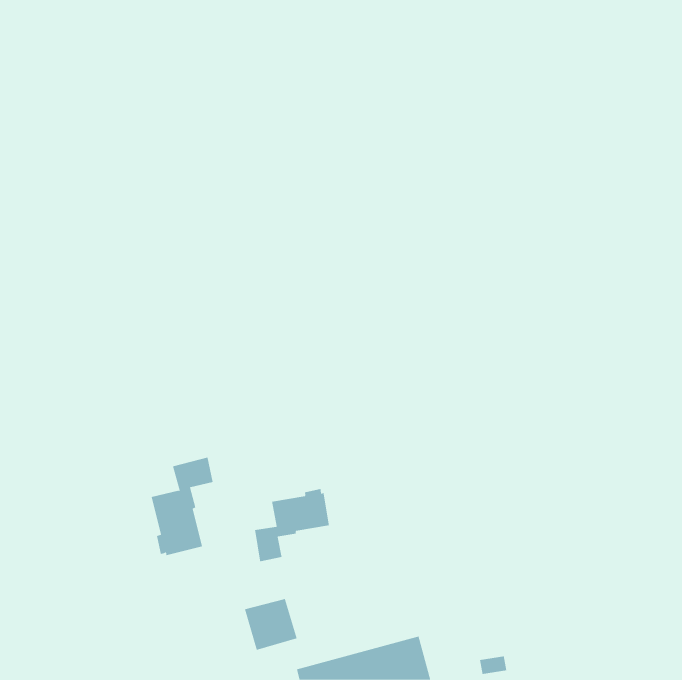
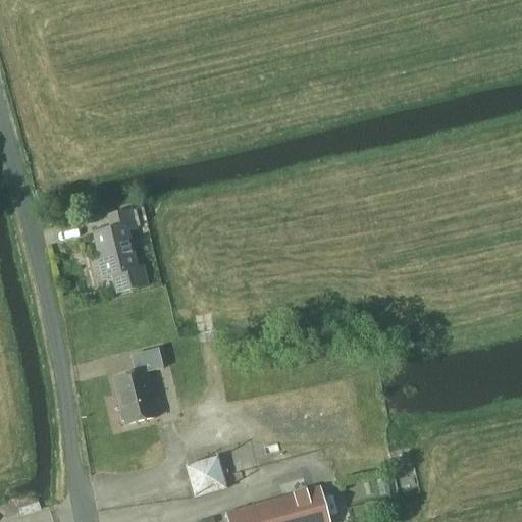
building: none -> [94,209,149,293]
building: [255,488,330,562] -> none

